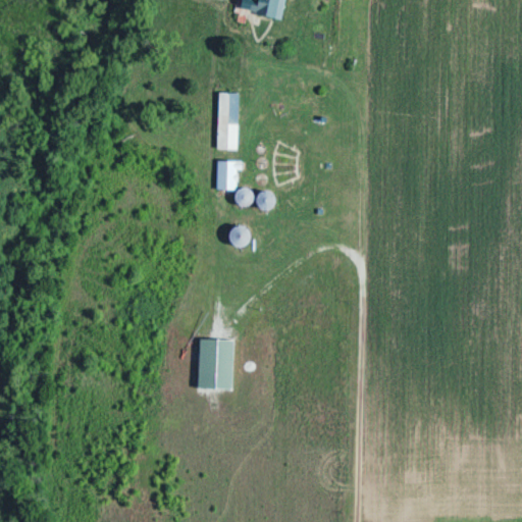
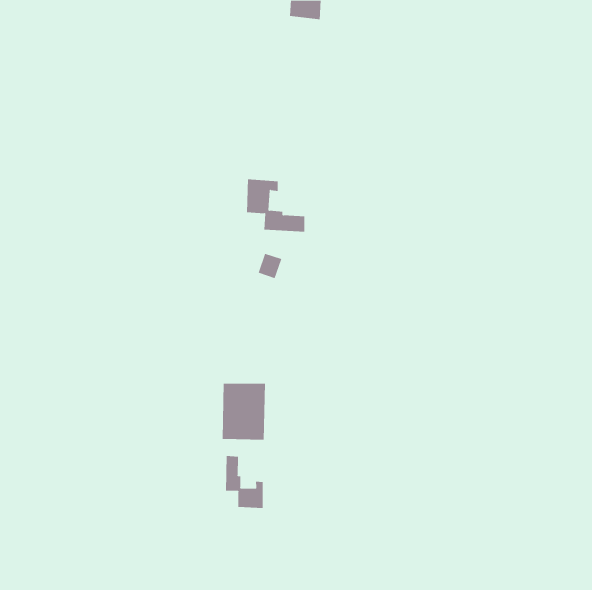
building: [217,93,241,150] -> none
building: none -> [226,455,263,509]

